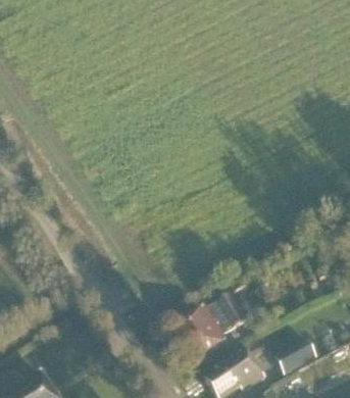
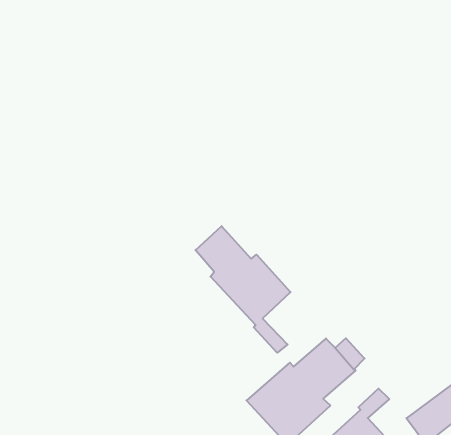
building: none -> [195,226,291,353]

